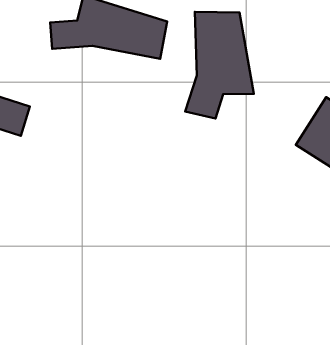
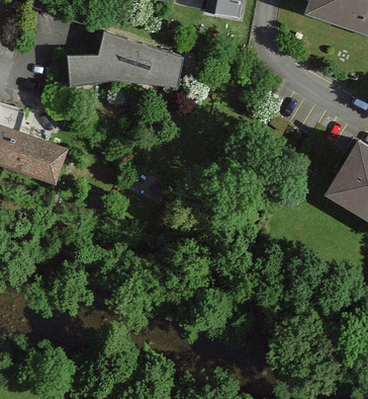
building: [185,12,254,119] -> none

